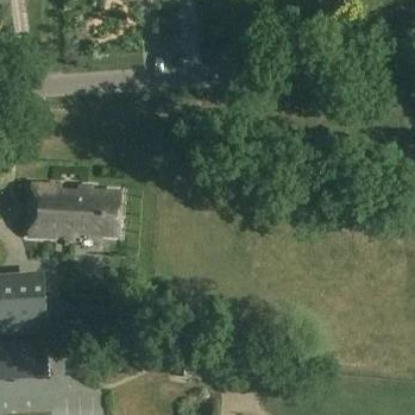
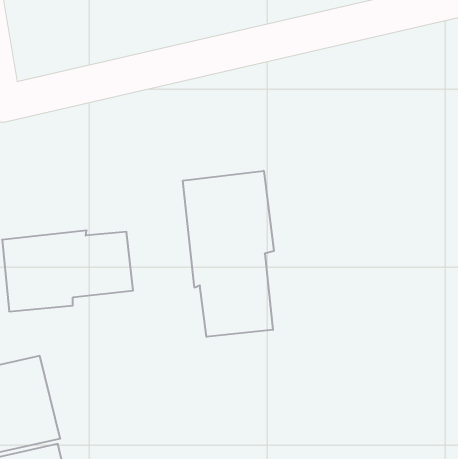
building: none -> [183,171,274,337]

